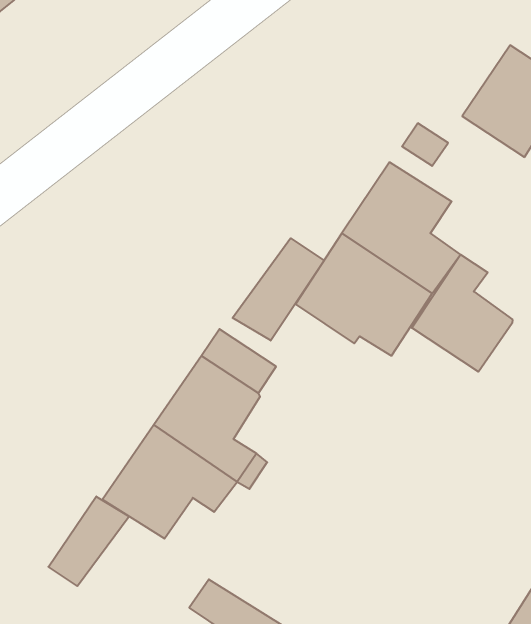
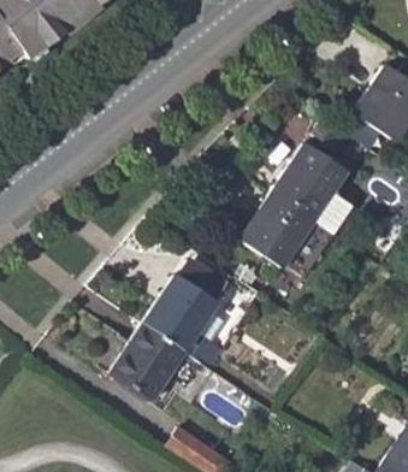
building: [233,238,324,341] -> none
building: [412,255,512,372] -> none
building: [48,496,129,586] -> none

